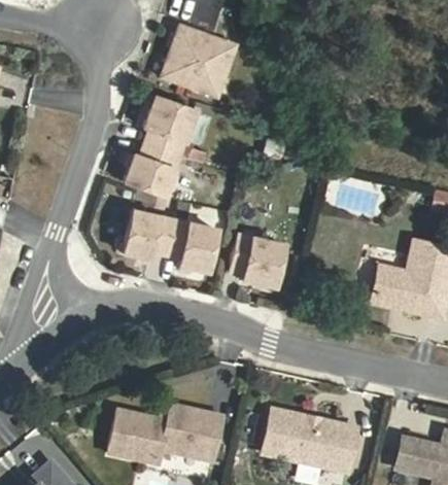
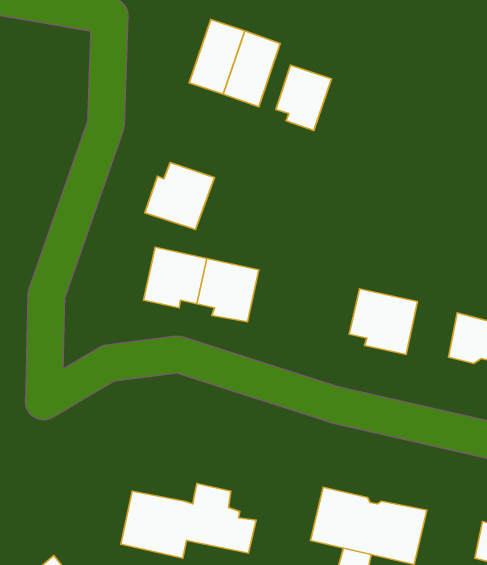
building: none -> [276,65,332,130]
building: [146,97,198,154] -> none
building: [232,234,287,287] -> [349,289,418,354]

